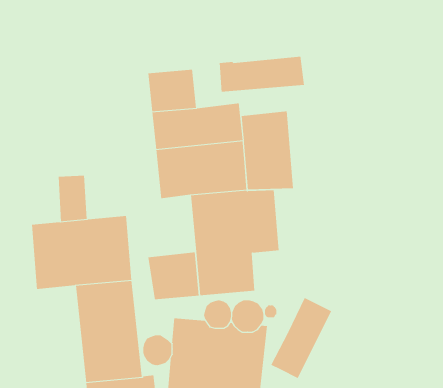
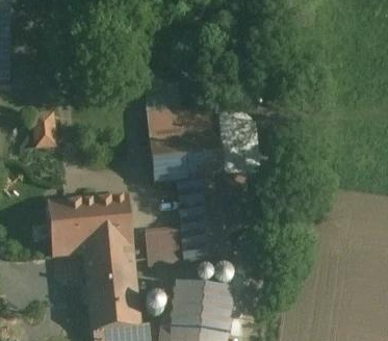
building: [219,56,304,92] -> none
building: [58,175,87,222] -> [30,110,54,148]
building: [271,297,332,379] -> none

